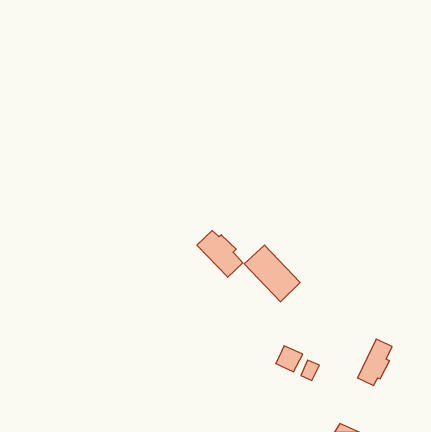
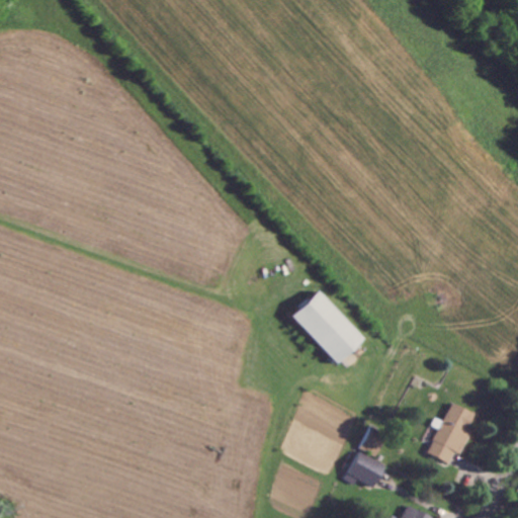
building: [197,231,243,277] -> none
building: [276,346,303,372] -> [349,454,381,486]

